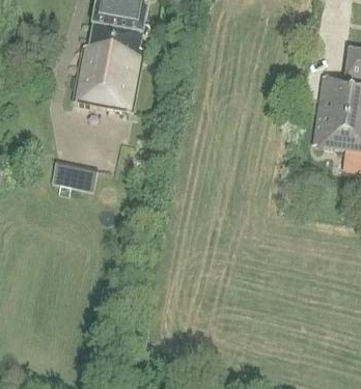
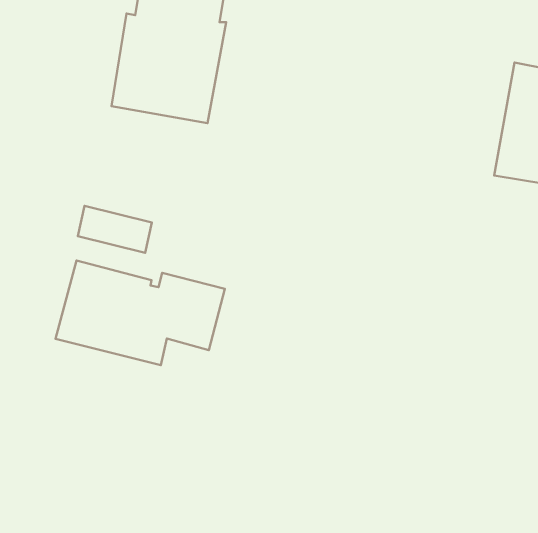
building: none -> [56,261,225,365]

